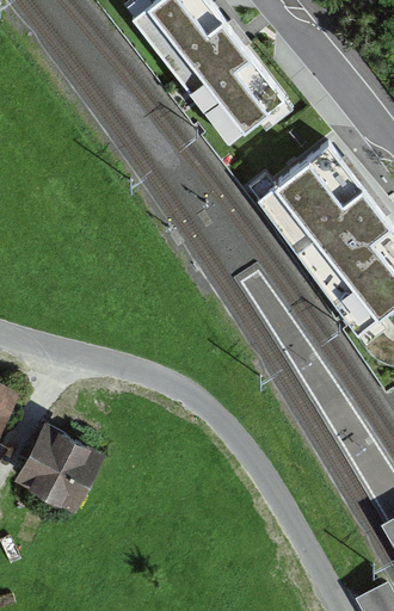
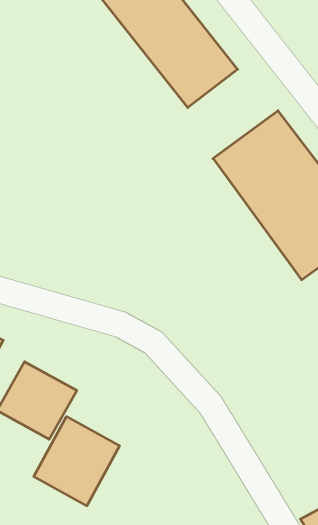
building: none -> [34,417,119,506]

